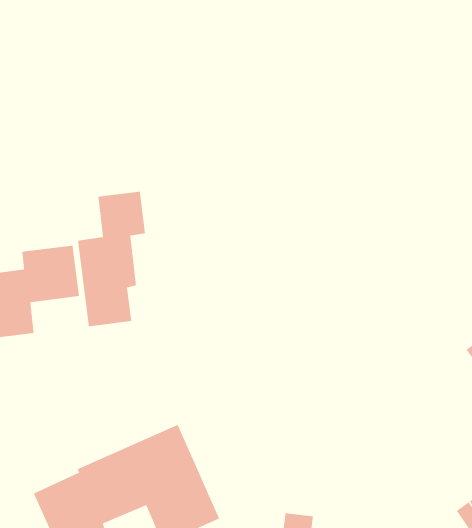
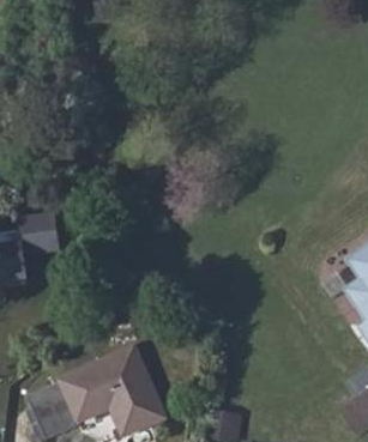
building: [77,191,146,327] -> none

